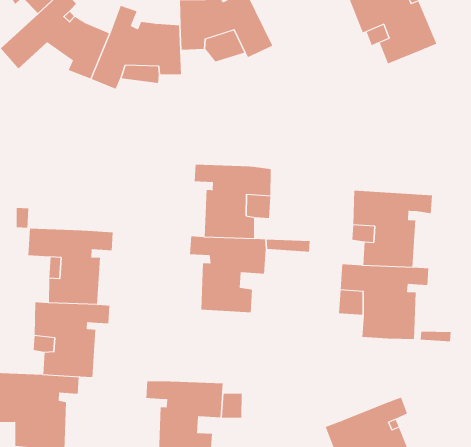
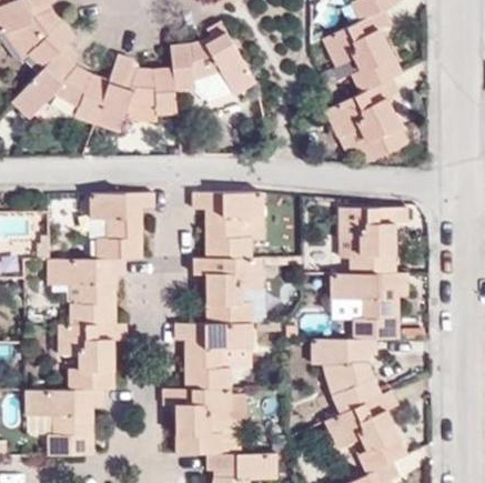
building: none -> [324,78,408,163]
building: none -> [91,193,153,259]
building: none -> [174,323,253,389]
building: none -> [311,339,381,414]

